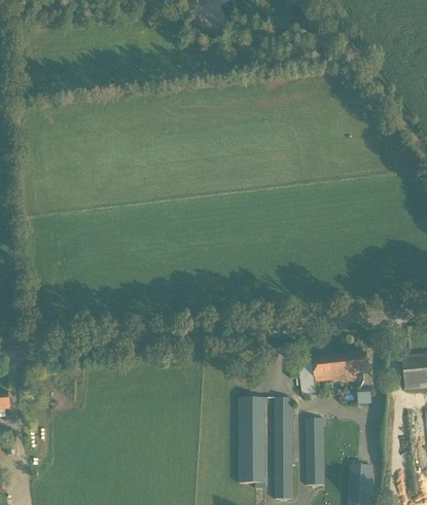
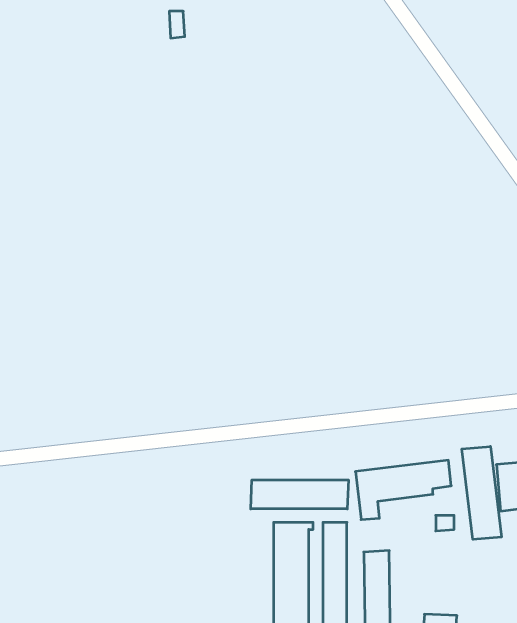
building: none -> [462,446,501,539]
building: none -> [251,480,348,509]

